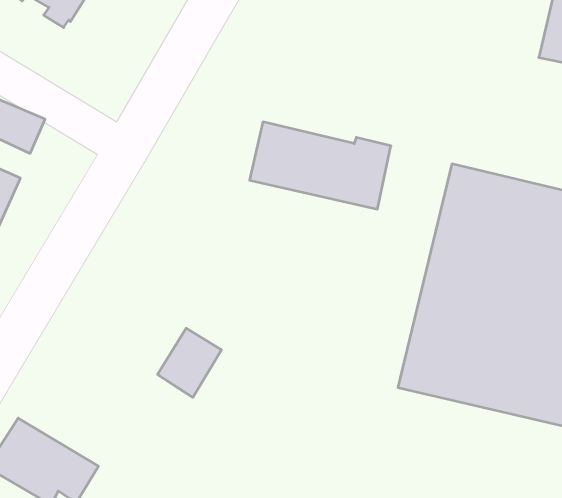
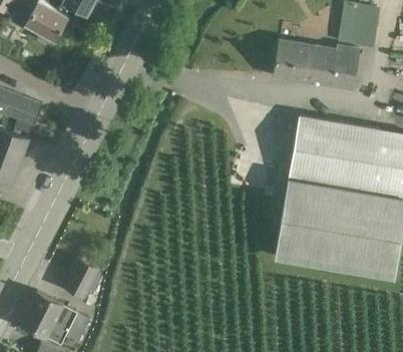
building: [250,122,391,209] -> [272,42,359,92]
building: [158,328,221,397] -> [61,258,100,301]

